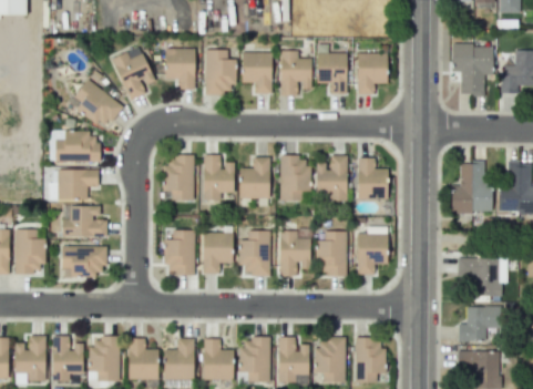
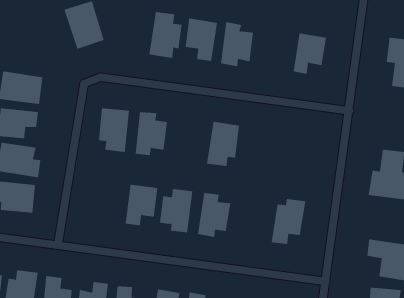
building: [165,48,195,89] -> none
building: [317,52,346,93] -> none
building: [74,79,123,129] -> none
building: [316,155,347,201] -> none
building: [239,156,269,198] -> none
building: [357,157,387,198] -> none
building: [164,229,195,274] -> none
building: [317,231,347,275] -> none

